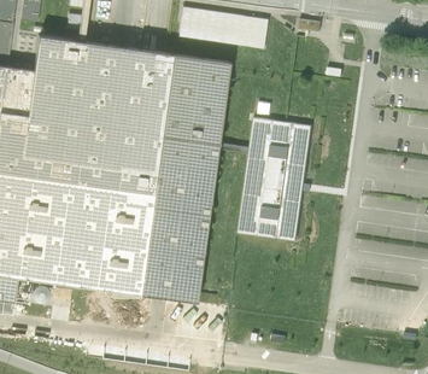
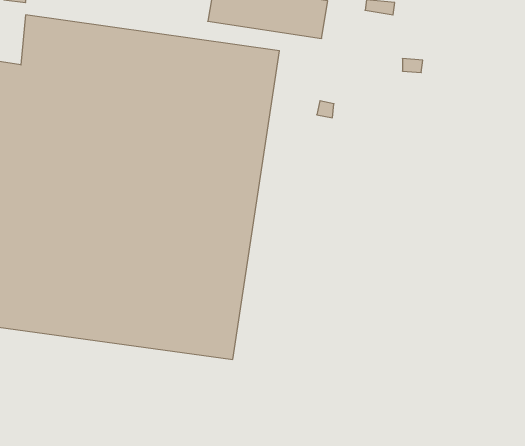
building: [239,117,311,239] -> none

